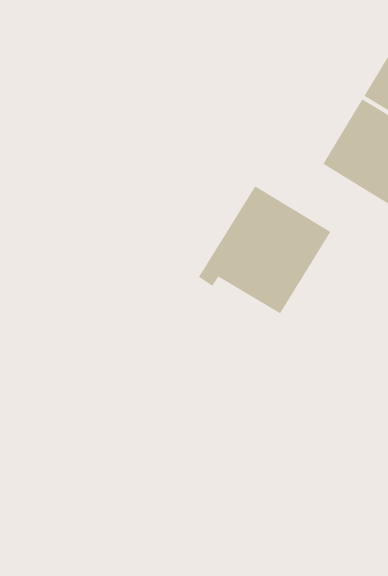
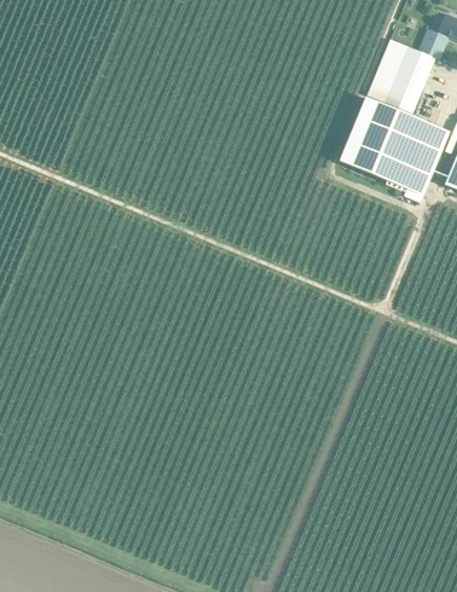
building: [198,185,331,314] -> none

